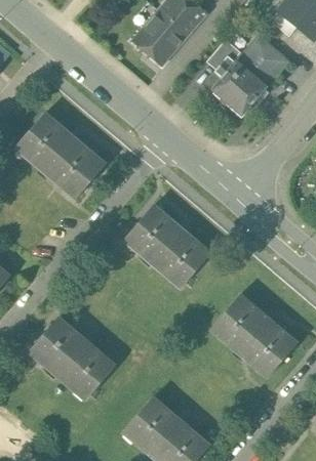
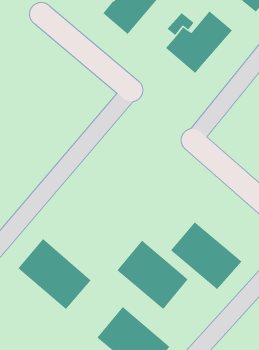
building: [14,108,101,191] -> none
building: [124,198,209,281] -> [117,240,189,310]

